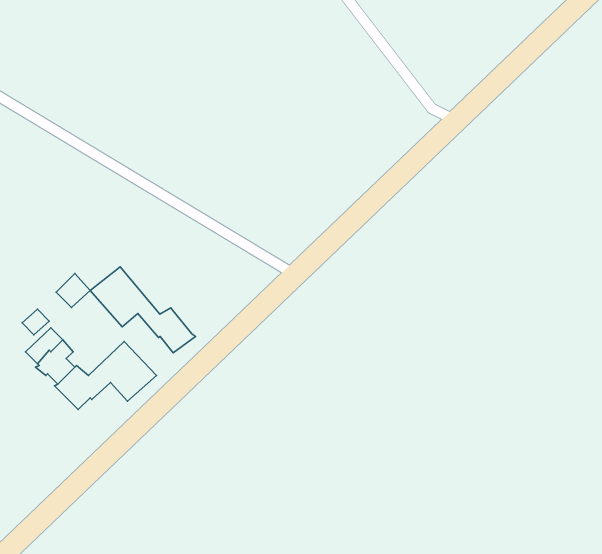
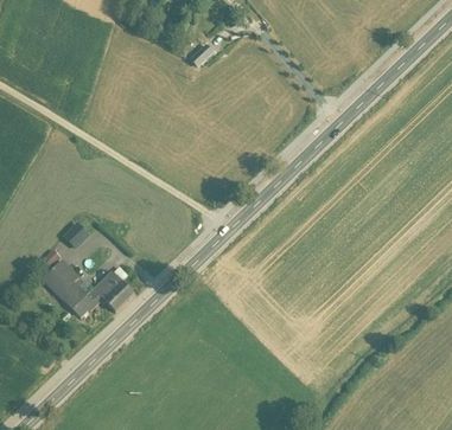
building: [90,267,196,353] -> none

